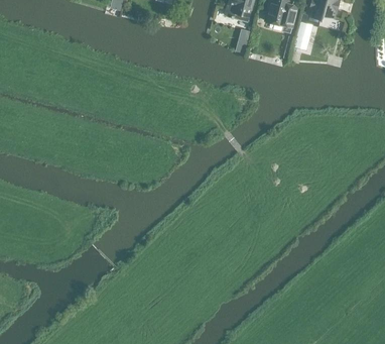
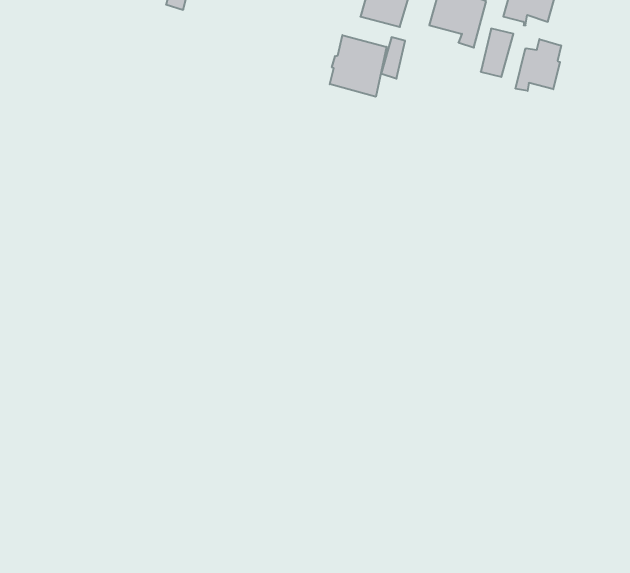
building: none -> [330,35,387,97]
building: none -> [516,39,561,91]

